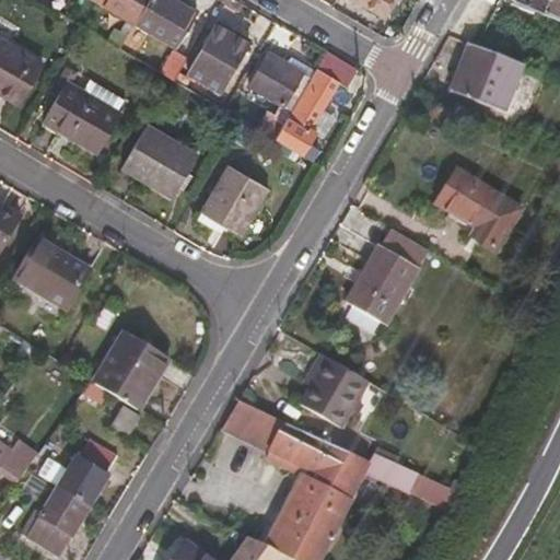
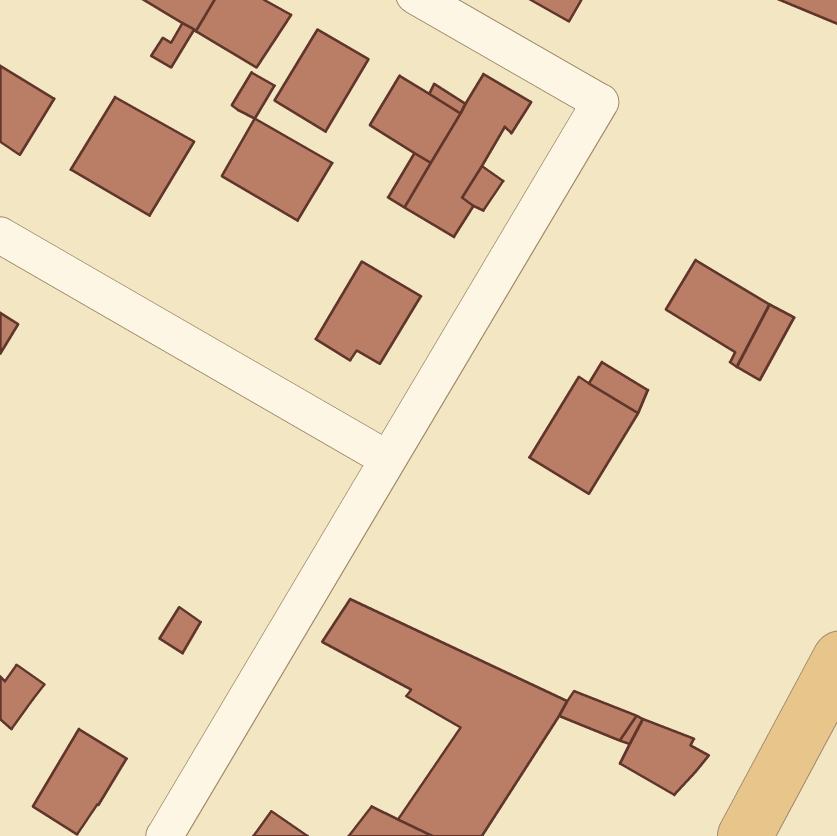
building: [450,40,522,107] -> none
building: [124,129,197,197] -> [222,118,332,221]
building: [11,237,86,308] -> none
building: [91,327,166,407] -> none
building: [300,357,370,428] -> none
building: [55,439,113,504] -> none

